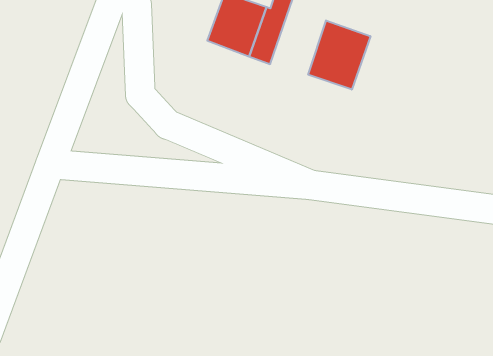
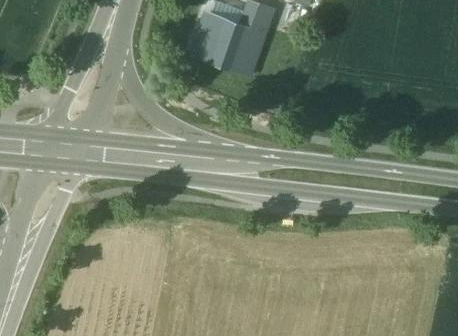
building: [308,20,370,90] -> none

